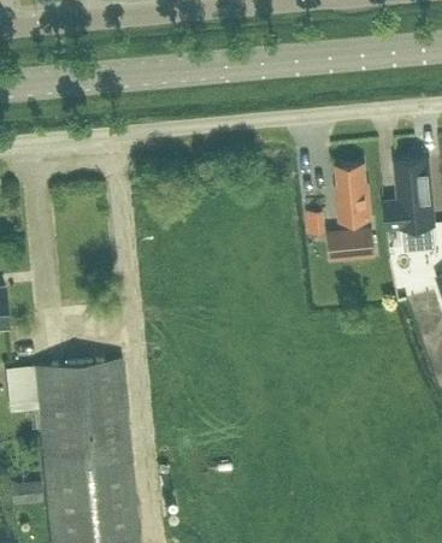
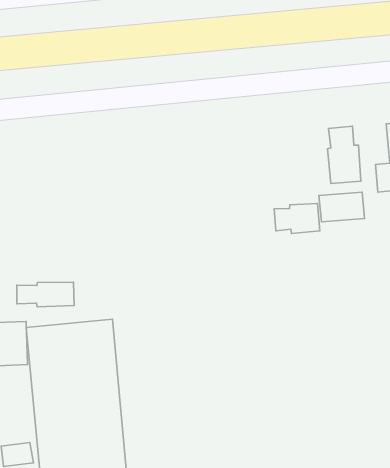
building: none -> [274,203,320,234]
building: none -> [17,282,74,307]

